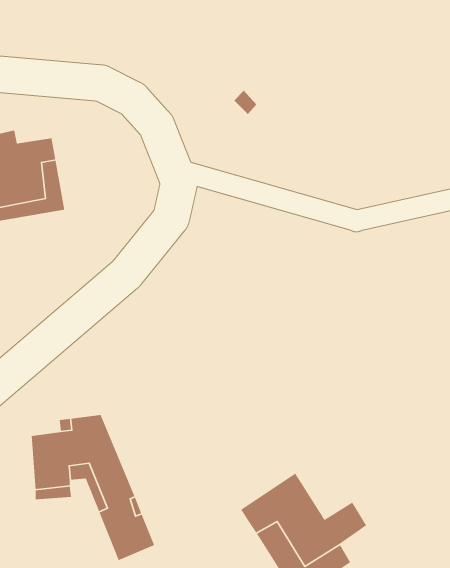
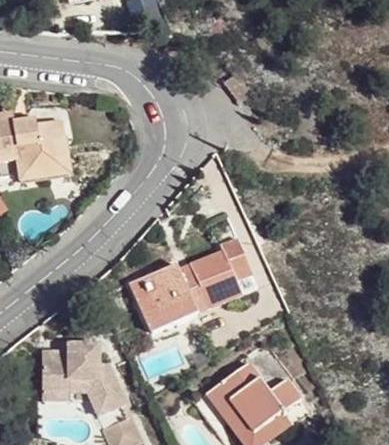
building: none -> [130,225,249,321]

